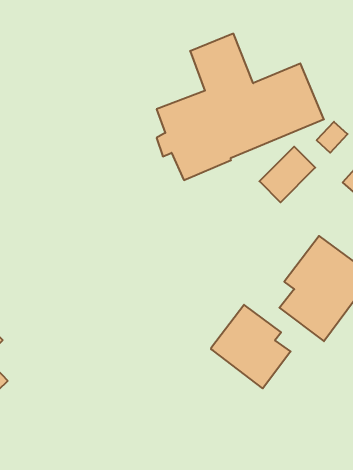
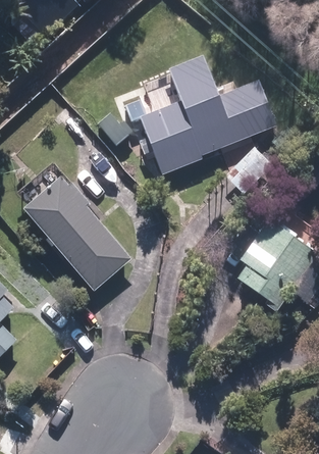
building: none -> [24,176,132,291]
building: [211,305,291,388] -> none

